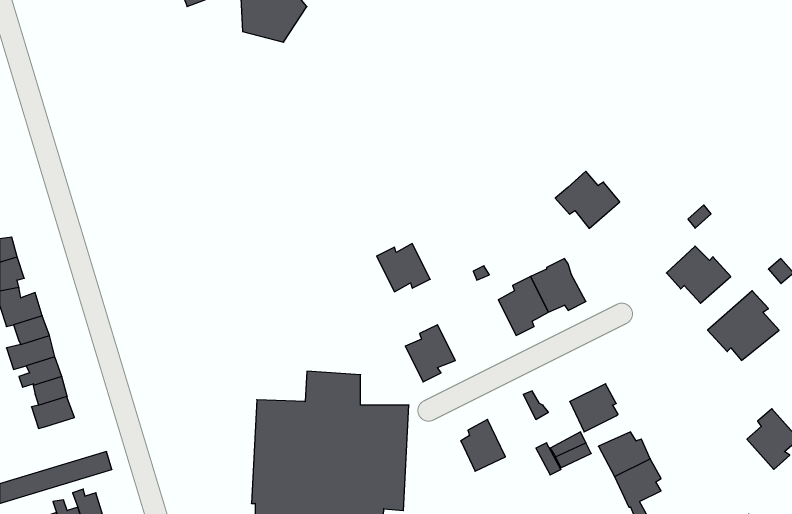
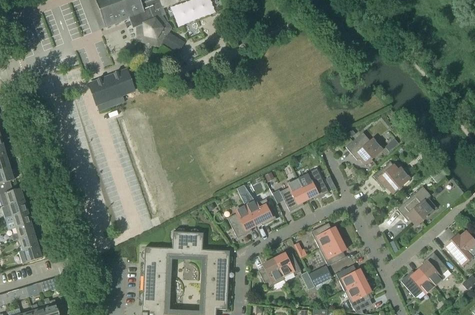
building: none -> [90,70,135,103]
building: [555,171,620,228] -> [346,132,382,164]
building: [377,244,430,292] -> [246,198,276,225]
building: none -> [311,222,340,248]
building: none -> [274,253,301,279]
building: none -> [401,269,434,297]

